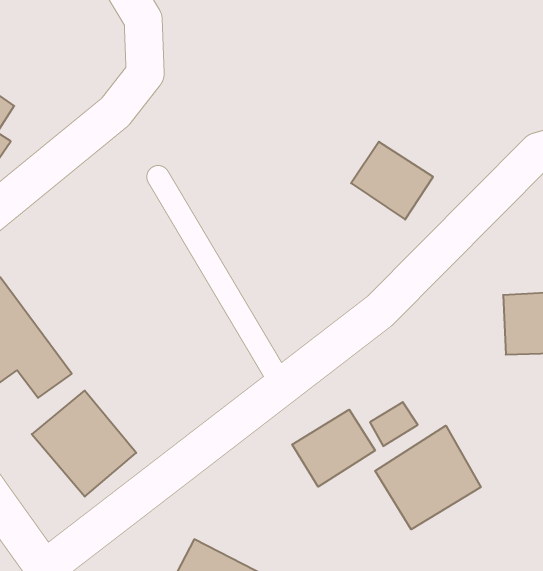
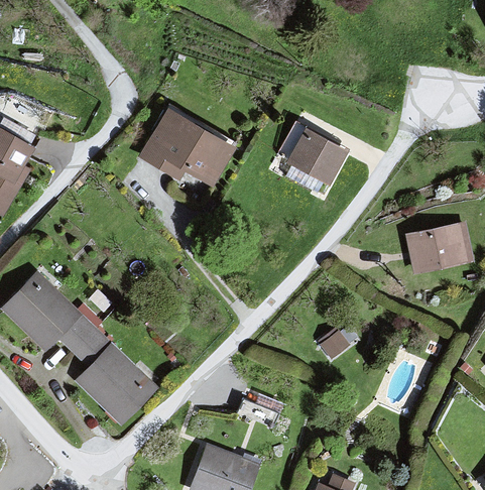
building: none -> [139,112,227,189]
building: [292,410,375,487] -> none
building: [375,426,481,529] -> none

